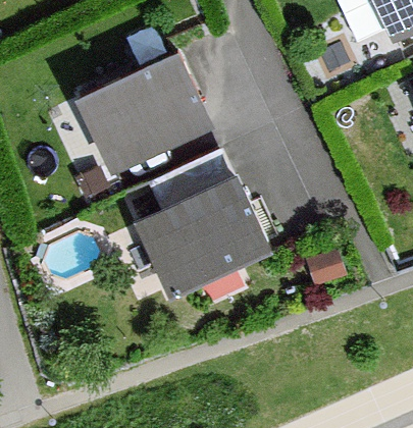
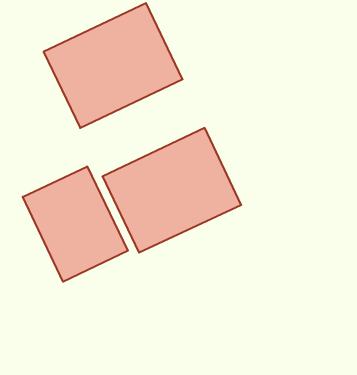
building: none -> [23,166,128,282]

